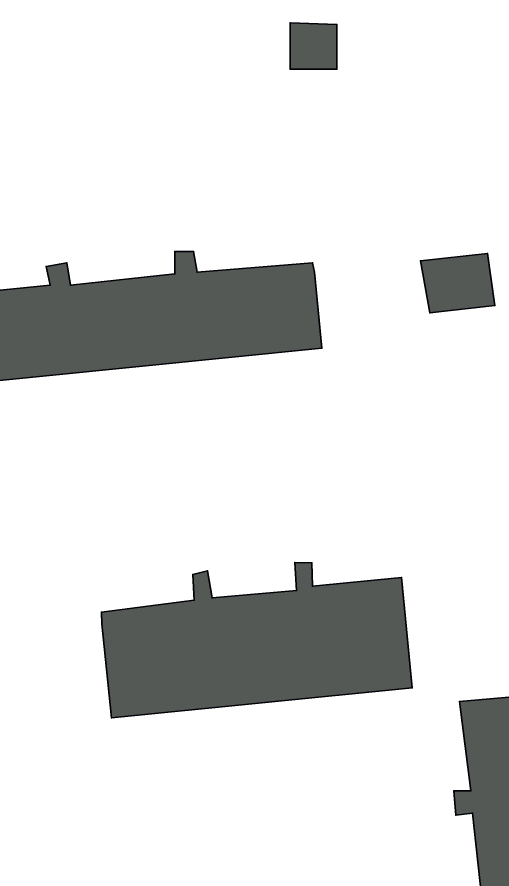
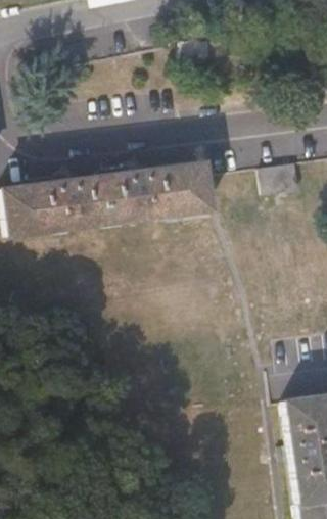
building: [101,563,412,718] -> none

